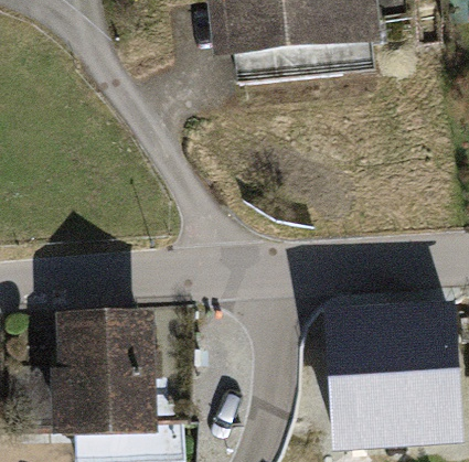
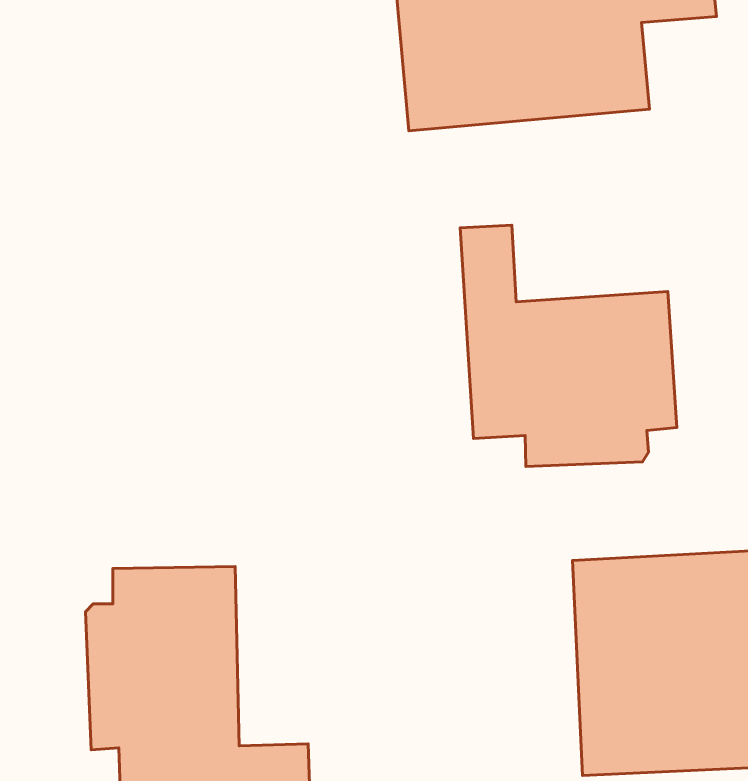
building: none -> [460,225,677,466]

